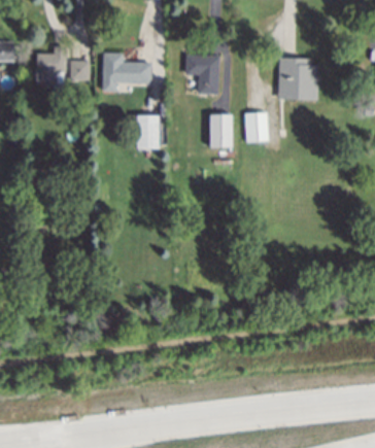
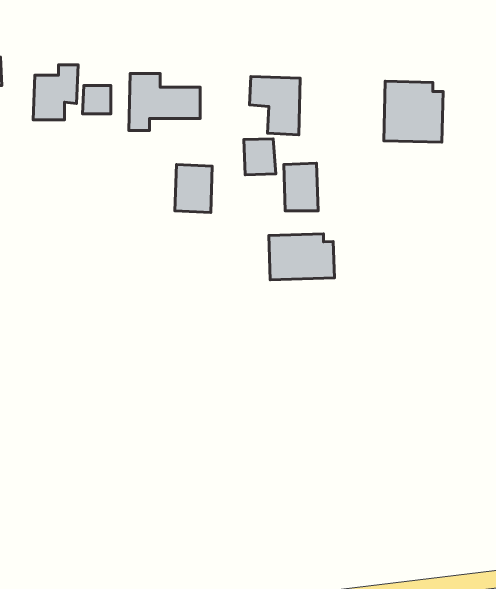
building: none -> [244,139,276,175]
building: [245,112,269,141] -> none
building: none -> [269,234,335,280]

